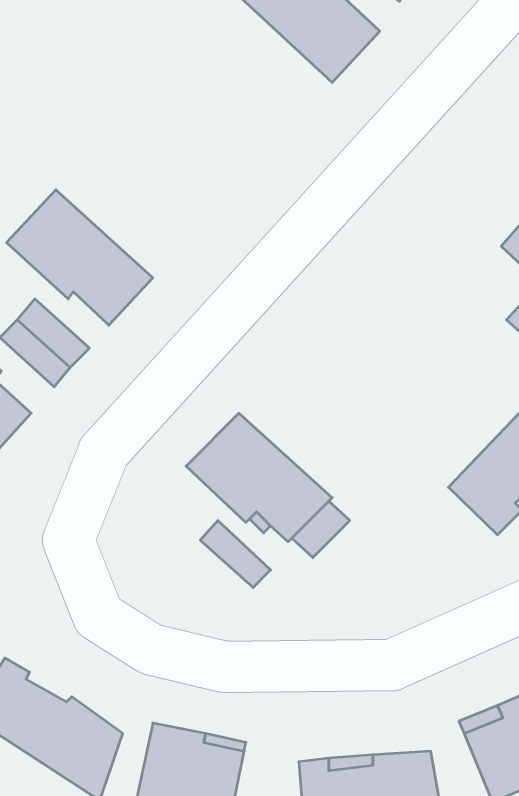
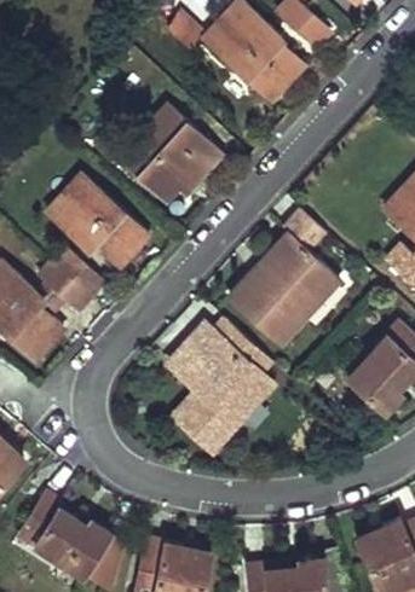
building: none -> [122,108,221,199]
building: none -> [230,211,336,344]

